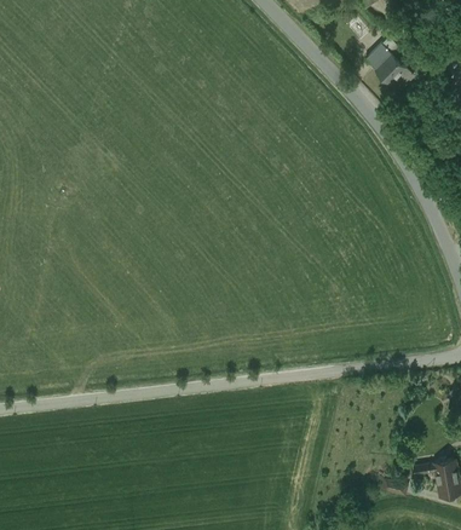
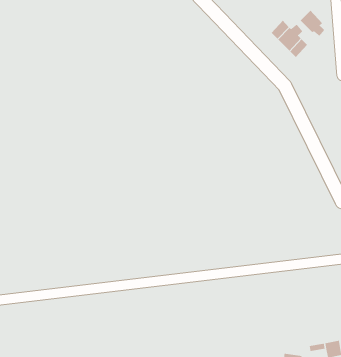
building: none -> [300,10,325,37]

